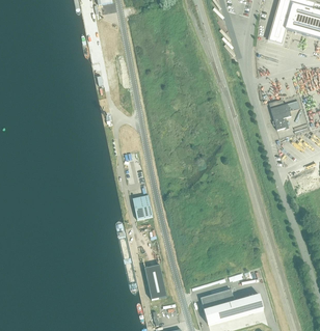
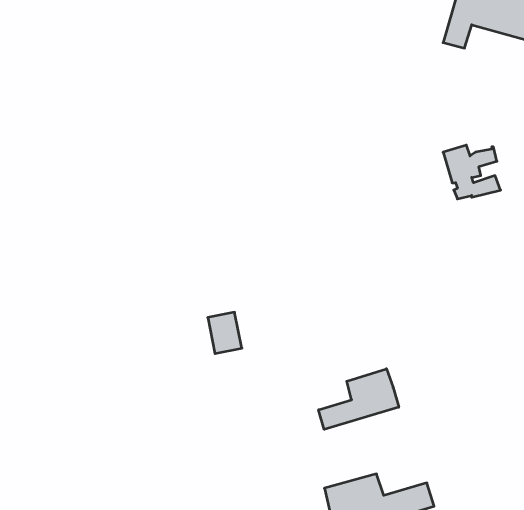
building: none -> [319,369,399,429]
building: [144,265,167,299] -> none

